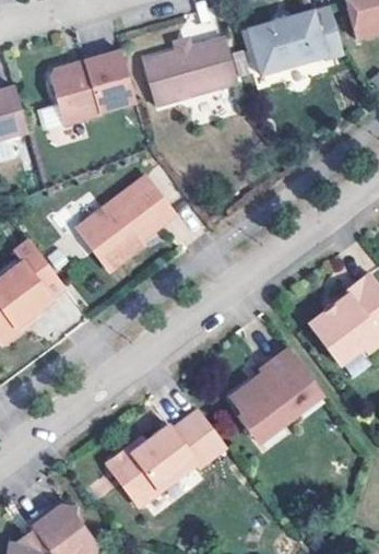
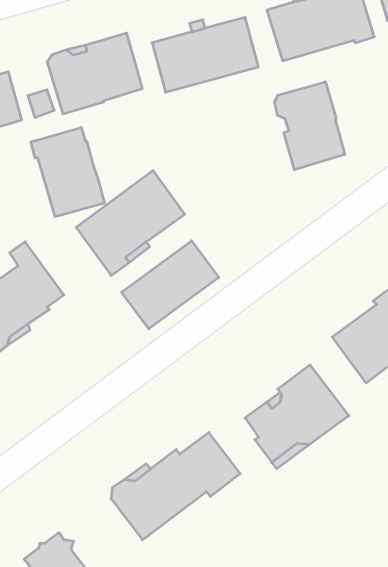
building: none -> [275,82,345,170]
building: none -> [31,127,105,217]
building: none -> [122,241,219,329]

